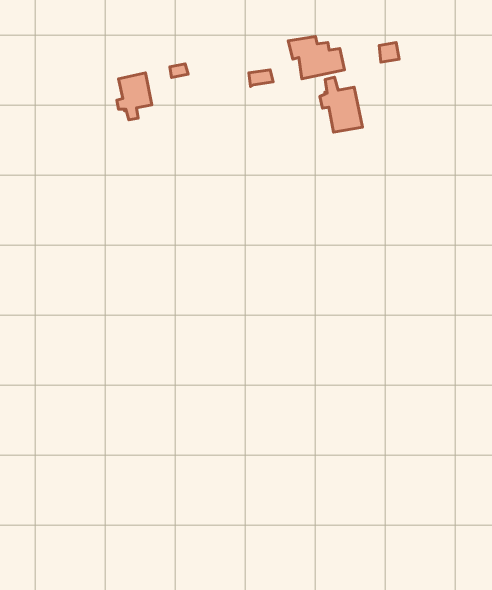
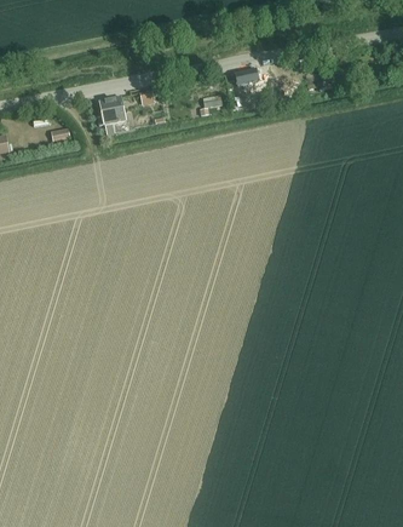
building: [320,77,363,132] -> none

